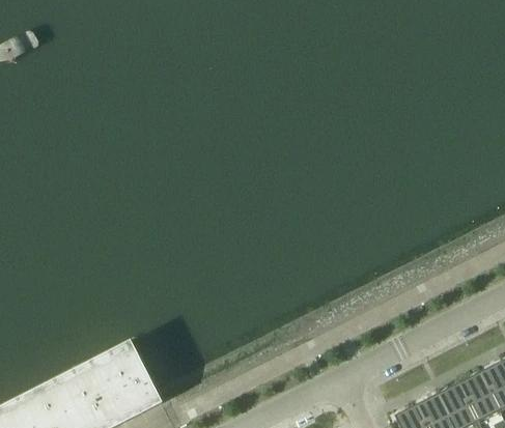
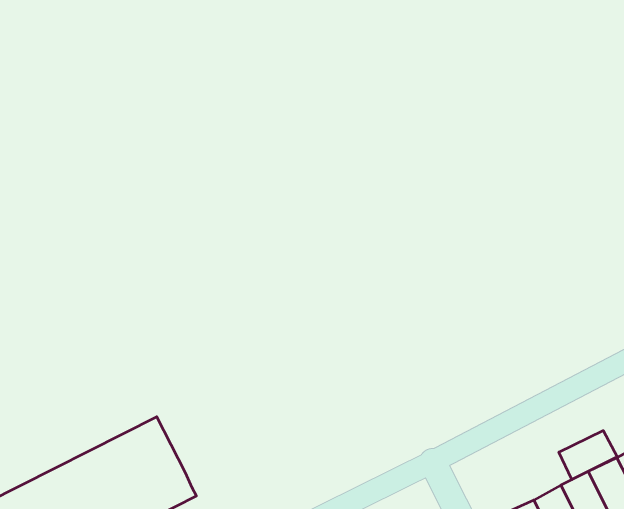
building: none -> [559,431,617,480]

